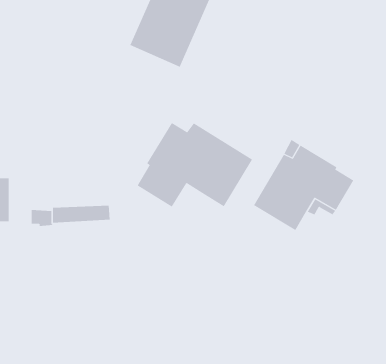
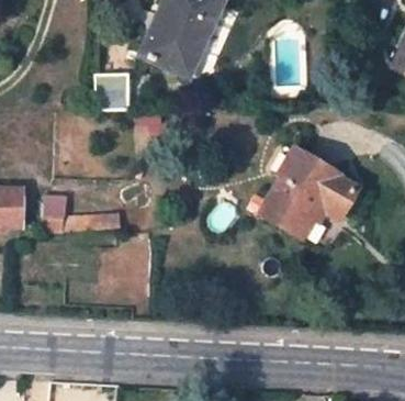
building: none -> [94,74,130,111]
building: [137,122,253,207] -> none

